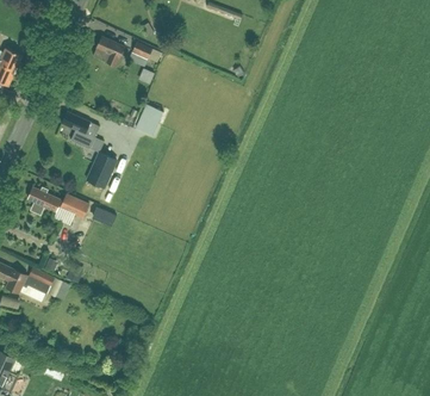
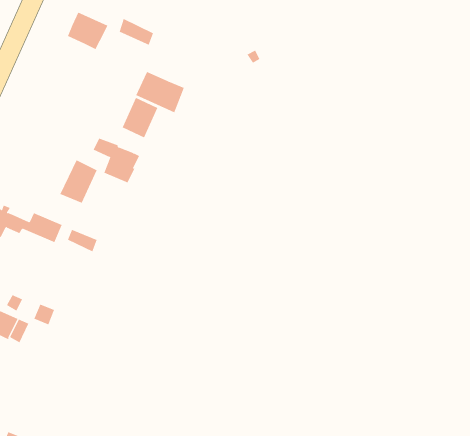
building: none -> [136,71,185,113]
building: [62,113,99,149] -> [93,138,140,183]

